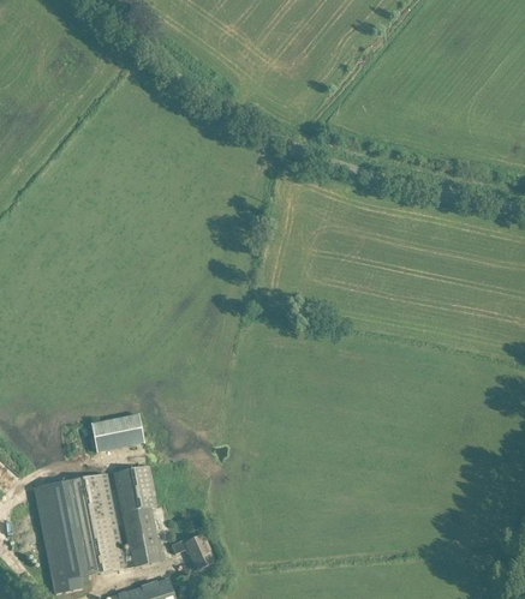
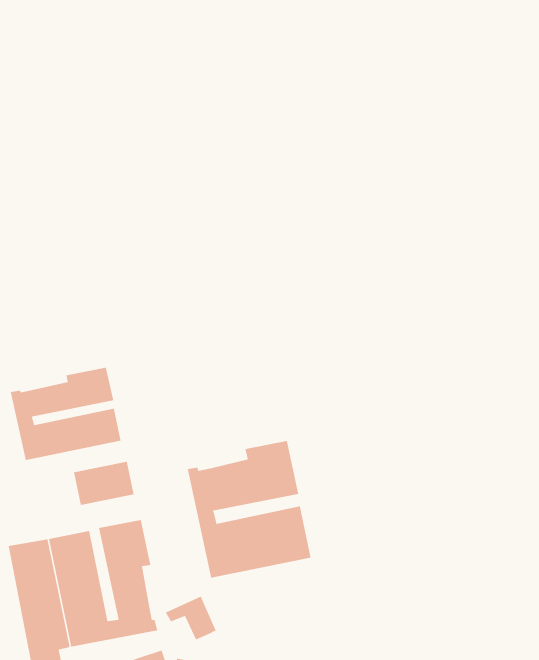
building: none -> [10,367,121,461]
building: none -> [187,440,311,579]

